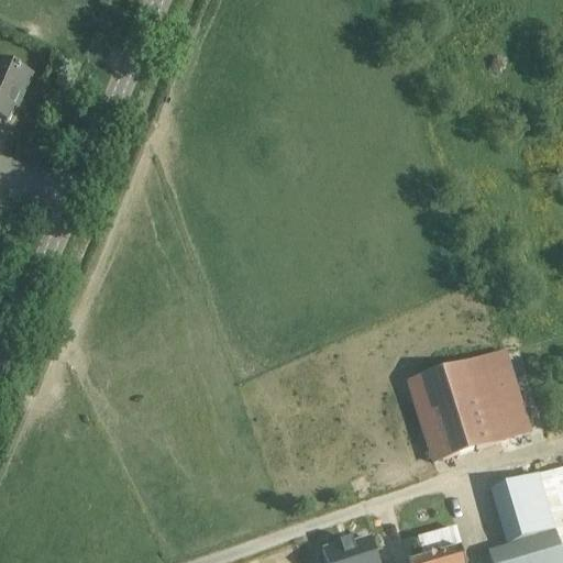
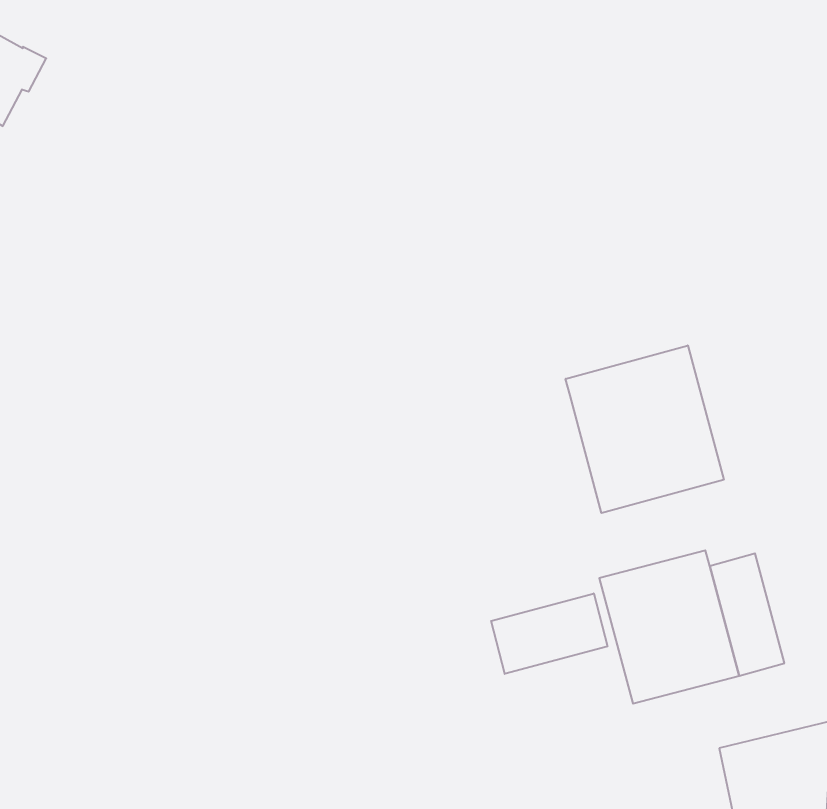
building: none -> [566,345,724,513]
building: none -> [491,593,607,674]

